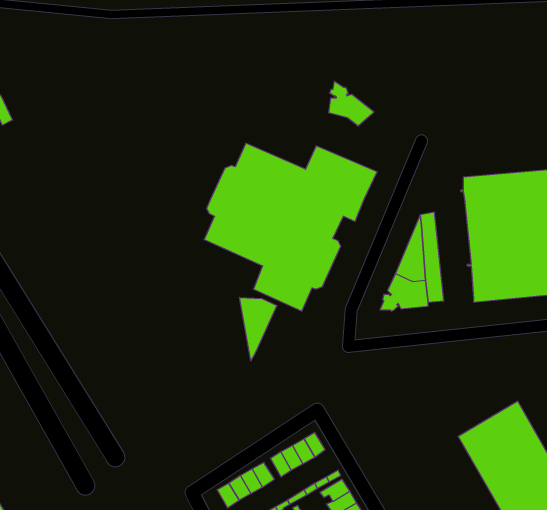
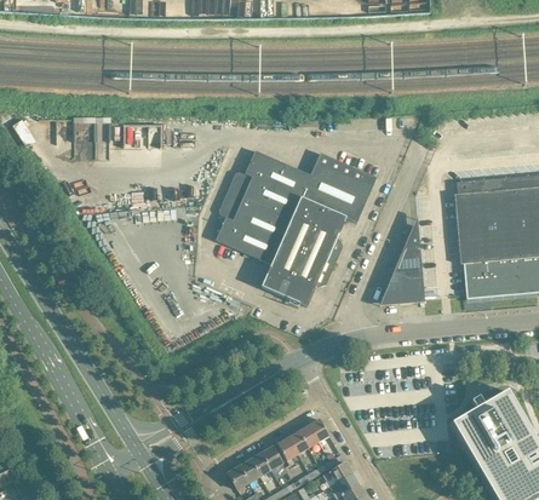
building: [329,81,374,126] -> none
building: [239,297,277,361] -> none

